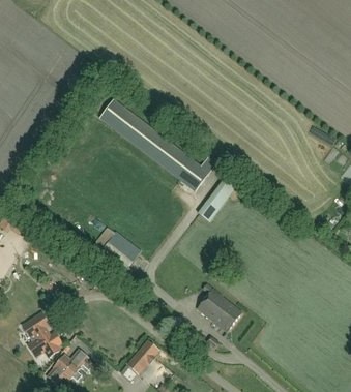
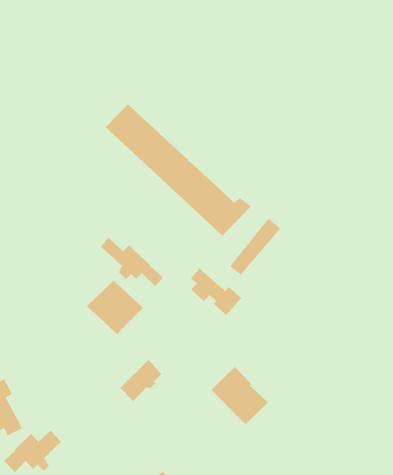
building: none -> [100,237,164,287]
building: none -> [190,267,242,316]
building: [127,339,158,372] -> [119,359,162,402]

